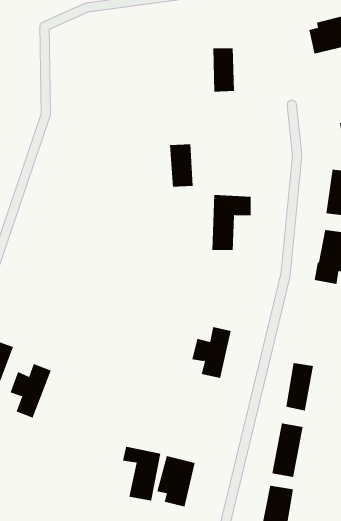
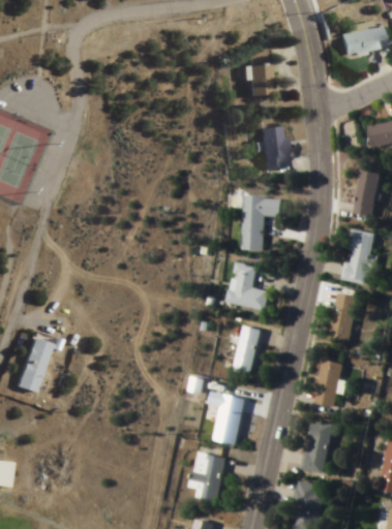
building: [169,144,193,187] -> [259,127,282,169]
building: none -> [229,262,270,311]
building: none -> [330,293,359,344]
building: [10,363,51,418] -> none
building: [122,446,161,501] -> [208,392,246,445]

